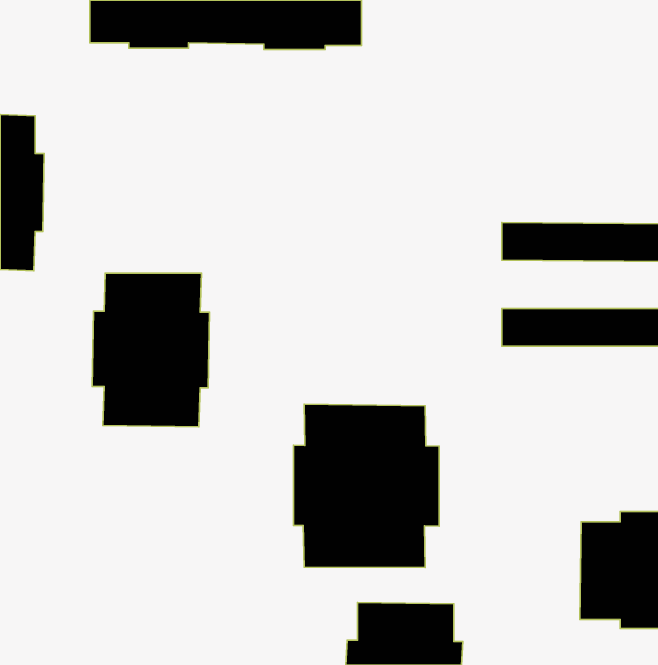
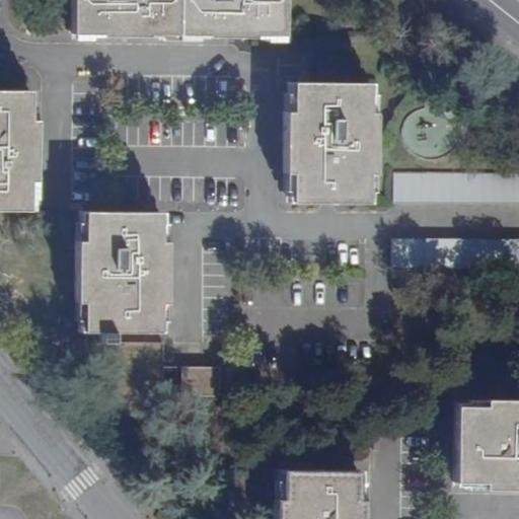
building: none -> [286,83,377,204]
building: [293,404,439,567] -> none
building: none -> [186,369,222,397]

